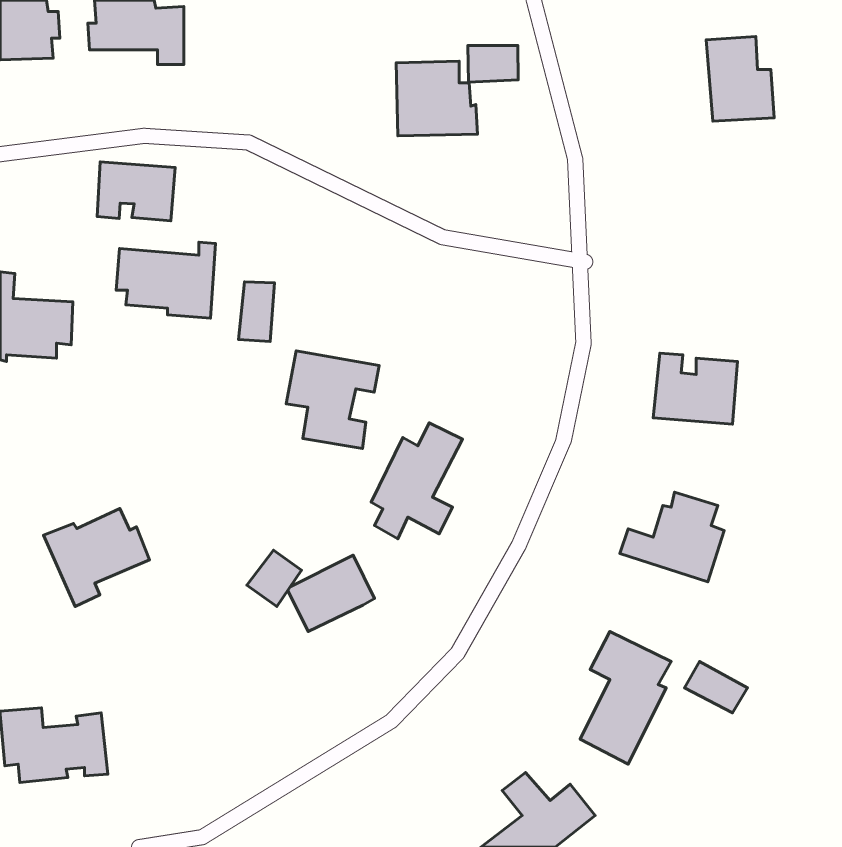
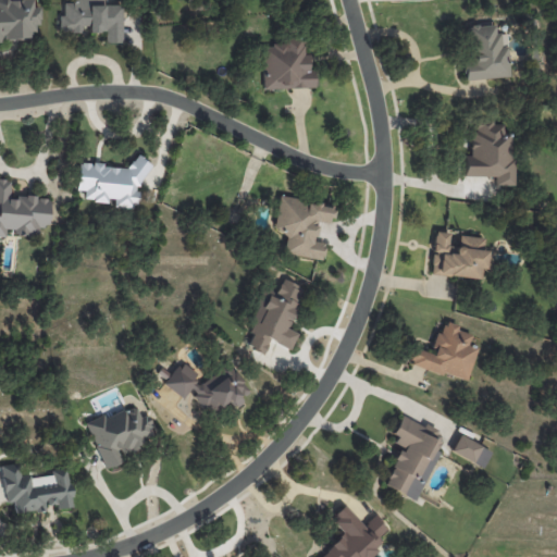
building: [468,46,518,82] -> none
building: [97,162,175,221] -> none
building: none -> [465,124,516,185]
building: [238,282,275,342] -> none
building: [286,351,379,449] -> [274,196,335,260]
building: [44,509,150,606] -> [87,405,157,469]

